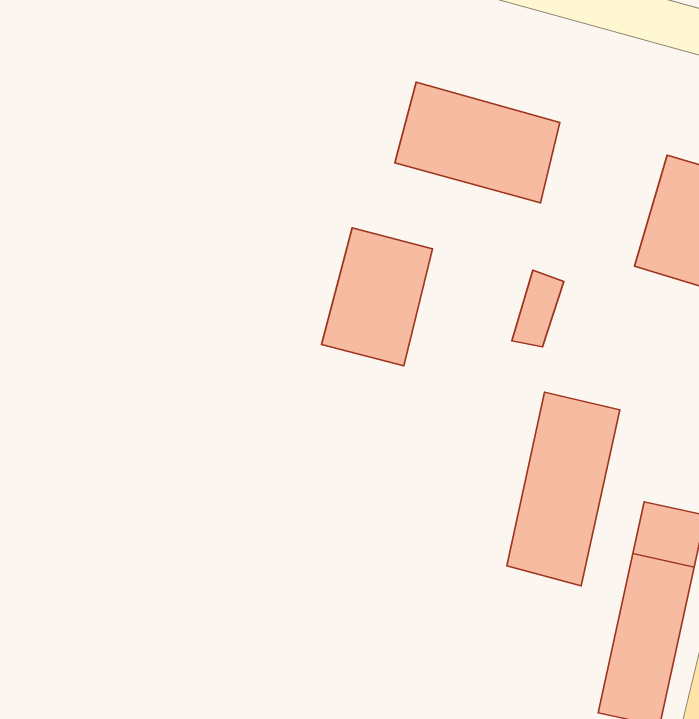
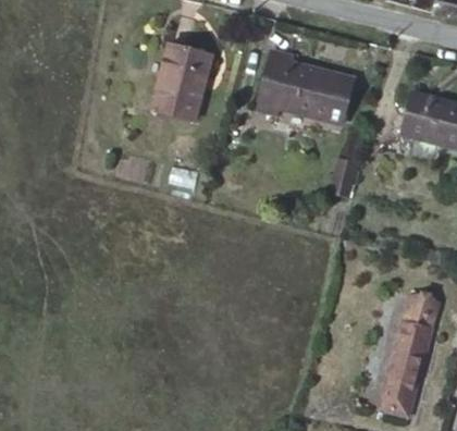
building: [321,228,433,366] -> [139,45,202,123]
building: [507,392,620,586] -> none

